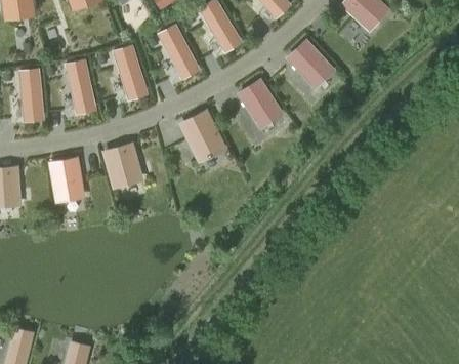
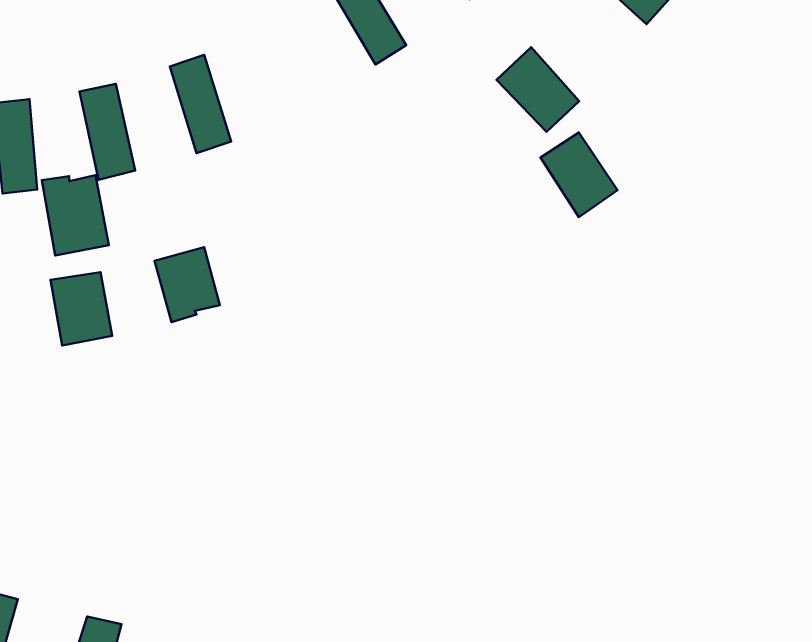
building: [158,25,198,77] -> none
building: [240,81,281,126] -> [540,133,617,217]
building: none -> [42,175,109,255]
building: [181,114,224,160] -> none

